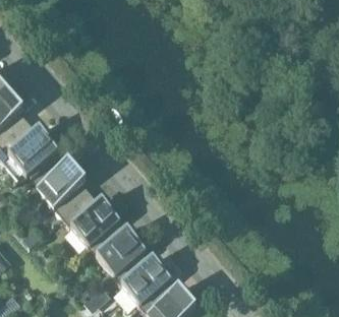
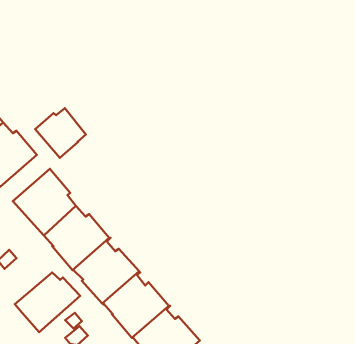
building: none -> [35,108,86,158]
building: none -> [15,272,80,332]

